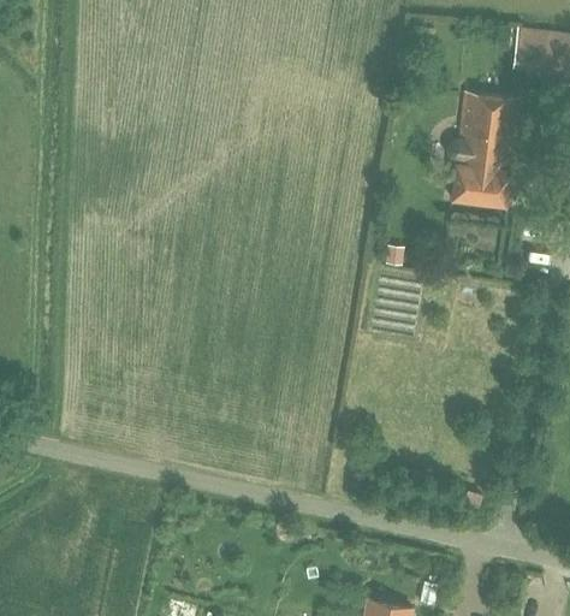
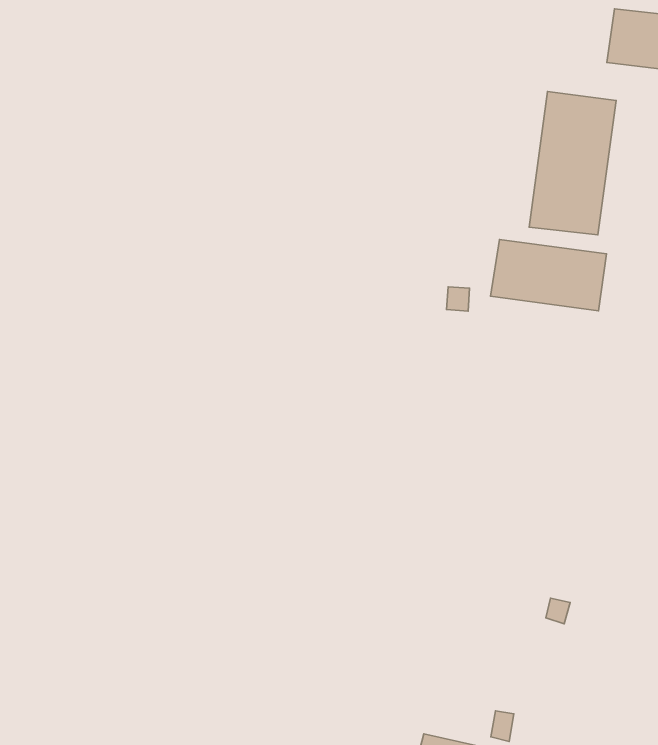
building: none -> [490,239,606,311]

